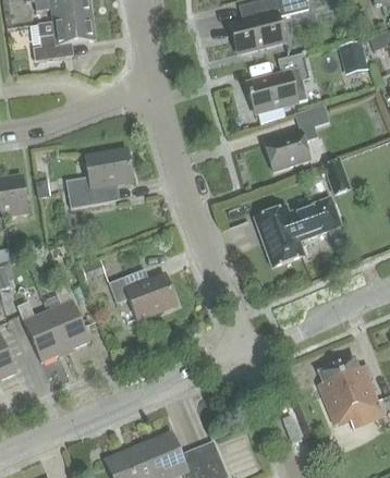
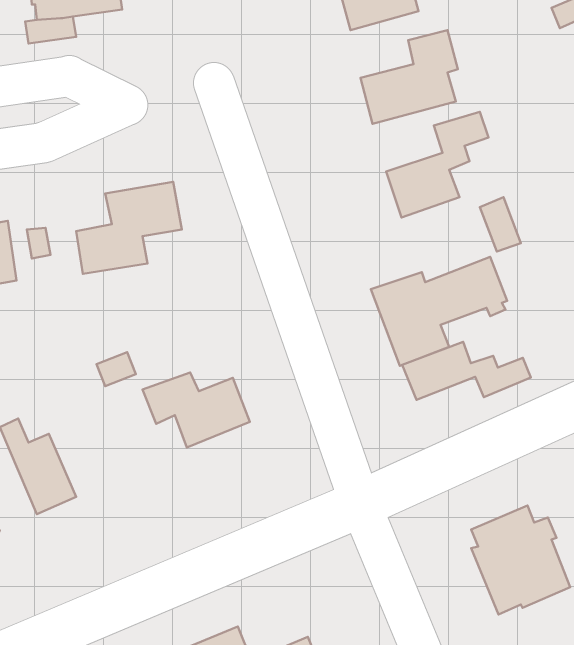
building: [339,40,369,74] -> none
building: none -> [402,342,531,400]
building: [48,284,89,351] -> none

